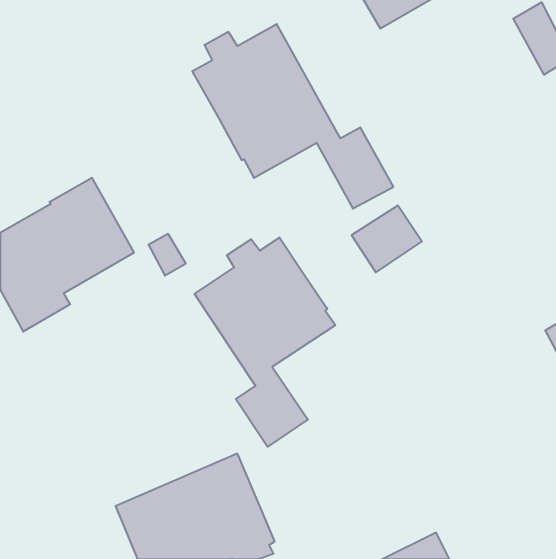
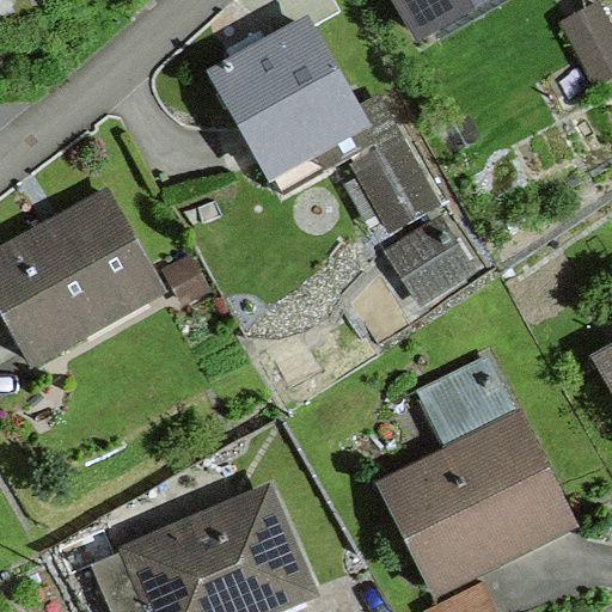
building: [195,237,335,447] -> none
building: none -> [386,360,562,585]

